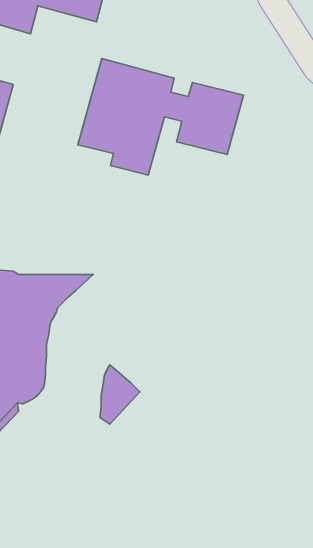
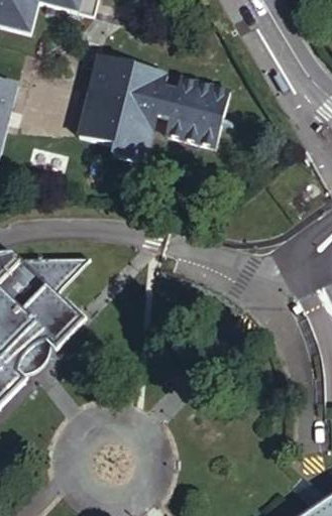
building: [100,365,140,424] -> [47,294,85,350]

